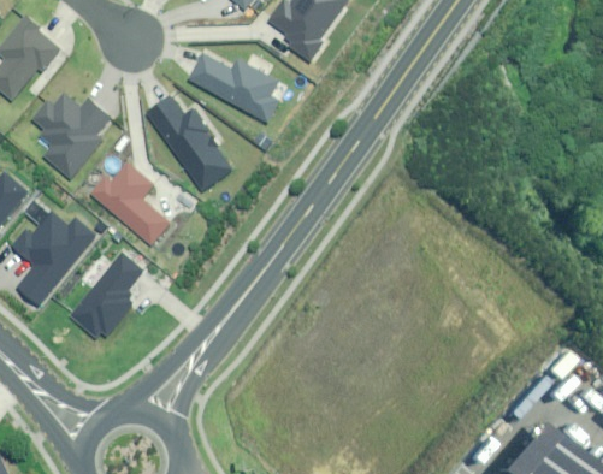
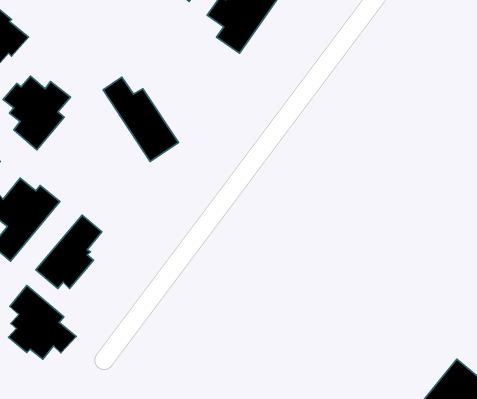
building: [188,52,278,120] -> none
building: [89,164,171,245] -> none
building: none -> [9,286,76,359]

